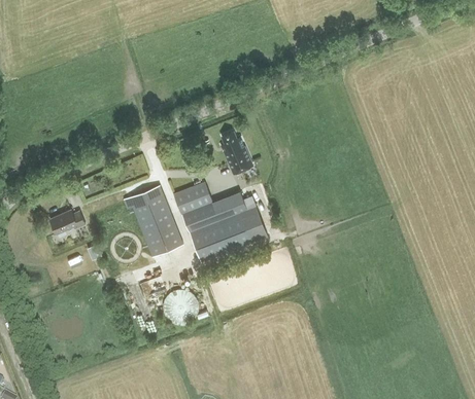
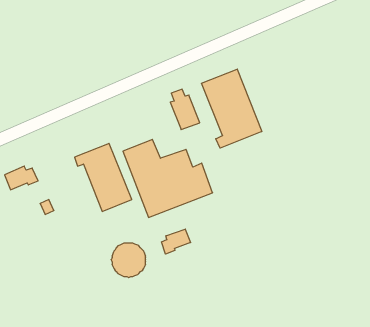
building: none -> [202,69,262,148]
building: none -> [162,229,191,254]

